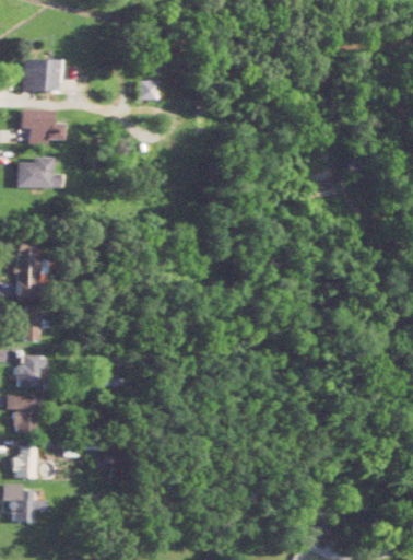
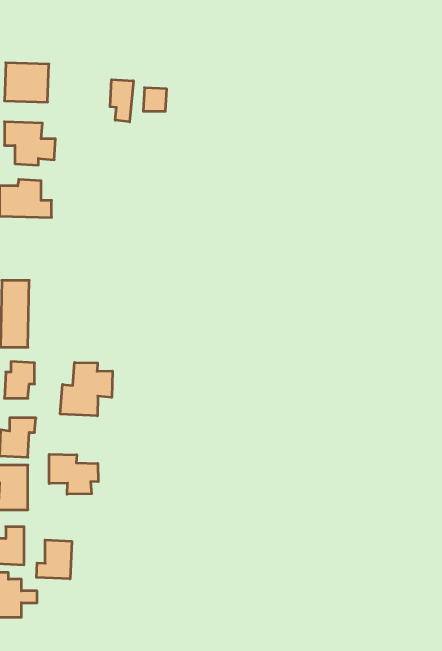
building: none -> [110,80,133,122]
building: none -> [60,362,112,416]
building: none -> [49,454,98,494]
building: none -> [36,540,72,579]

